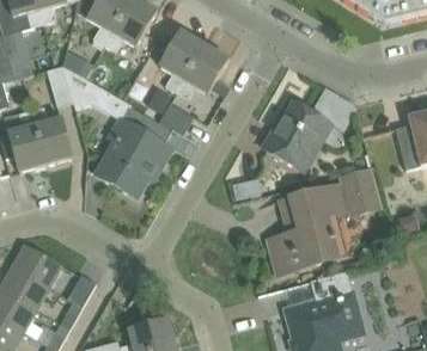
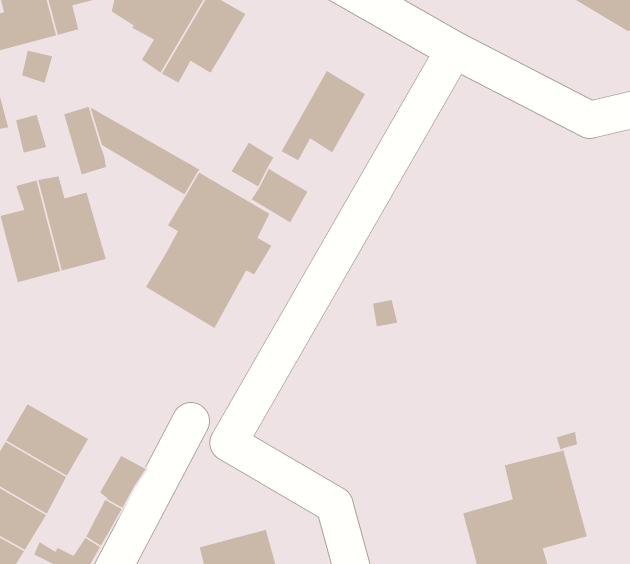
building: [159,30,205,92] -> none
building: [263,86,344,171] -> none
building: [267,152,380,275] -> none

